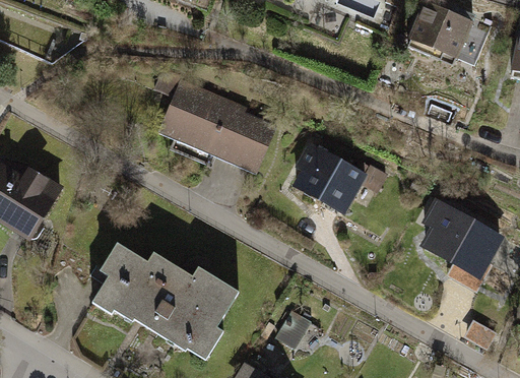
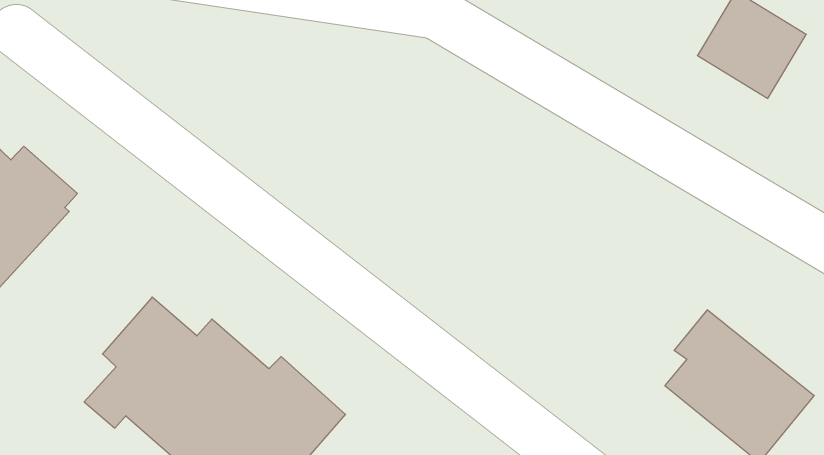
building: [154,76,278,177] -> none
building: [290,144,370,220] -> none

